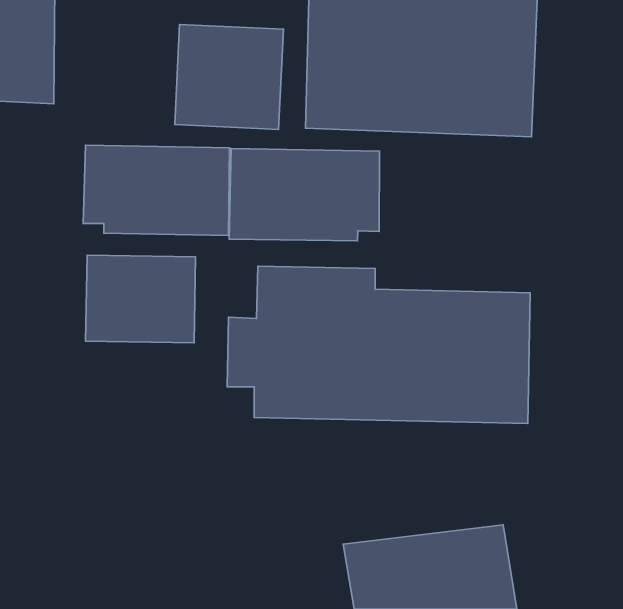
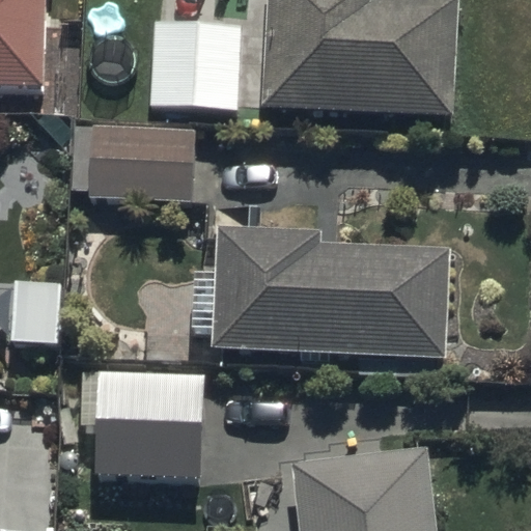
building: [229,149,380,241] -> none
building: [86,255,196,343] -> none
building: none -> [95,358,204,466]

